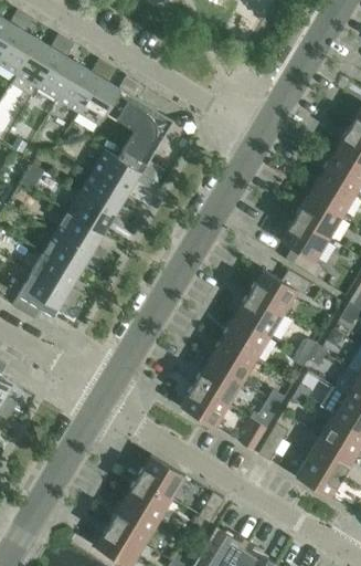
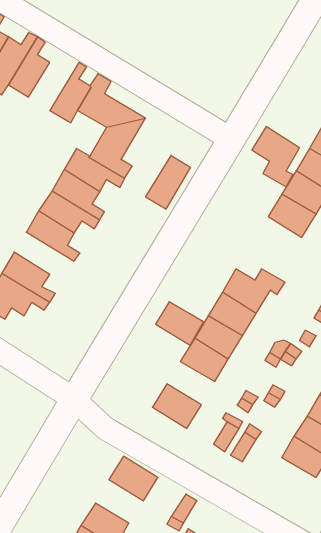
building: [57,60,107,113] -> none
building: none -> [146,155,190,209]
building: [280,218,328,277] -> [252,127,300,187]
building: [43,233,103,275] -> none
building: [194,361,242,405] -> [156,302,204,345]
building: [296,457,342,497] -> none
building: [124,479,171,522] -> none

